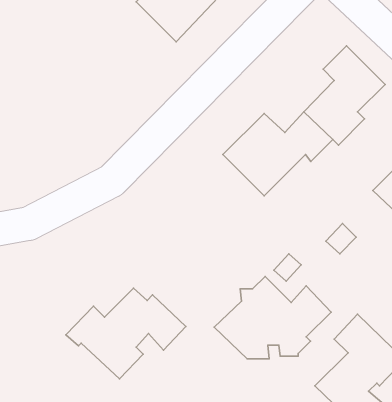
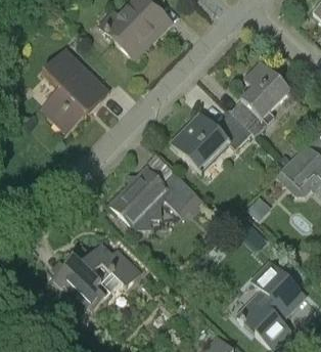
building: none -> [35,47,110,138]
building: [214,276,331,359] -> [109,166,196,227]

